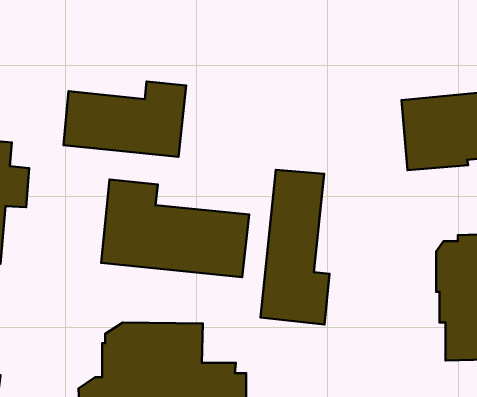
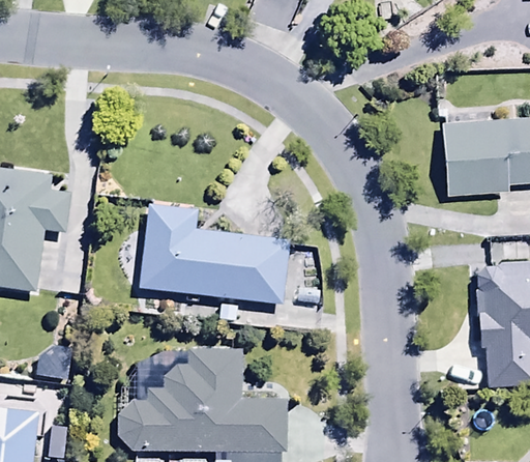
building: [63,82,186,157] -> none
building: [261,170,330,324] -> none

